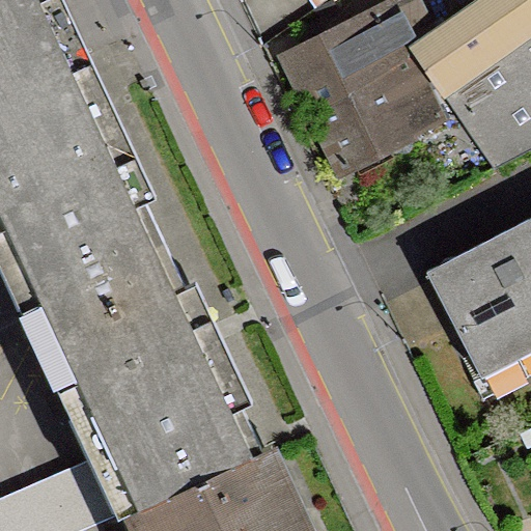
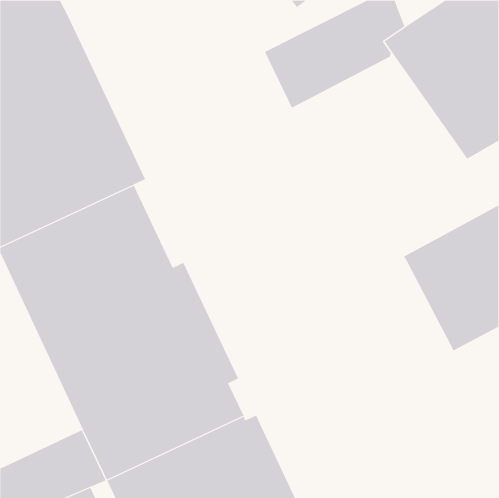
building: [309,62,449,181] -> none

